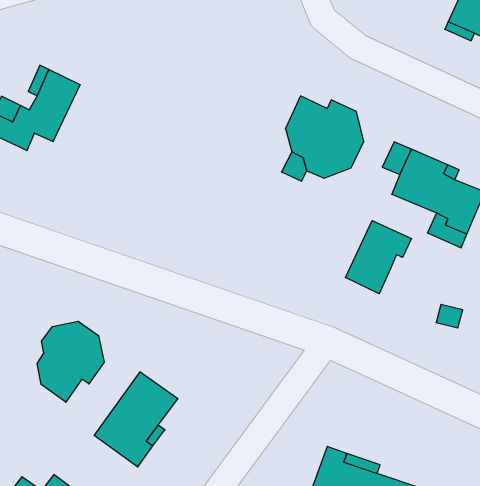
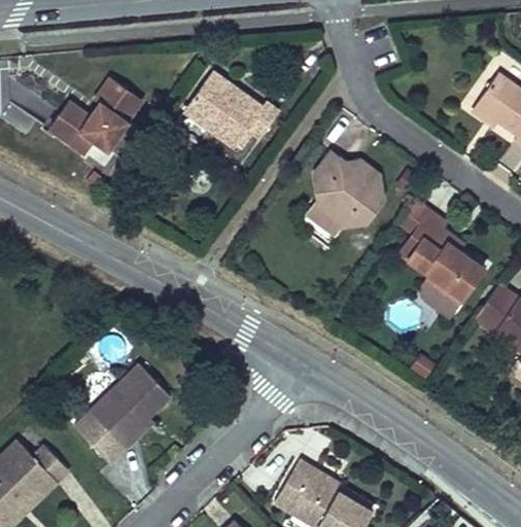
building: none -> [178,71,275,145]
building: [345,221,411,294] -> none
building: [37,321,104,402] -> none

